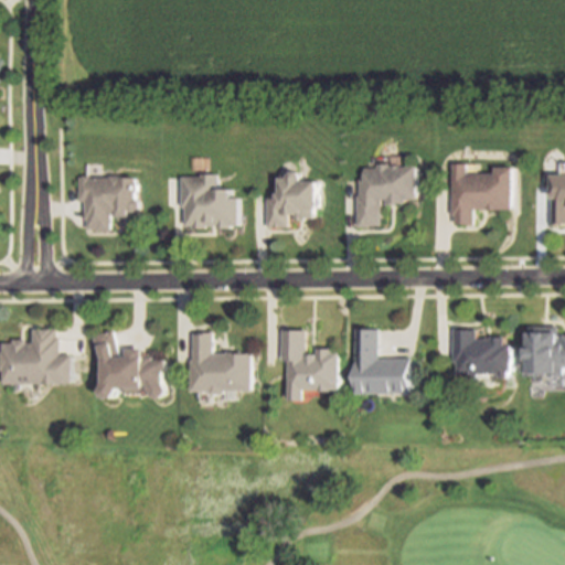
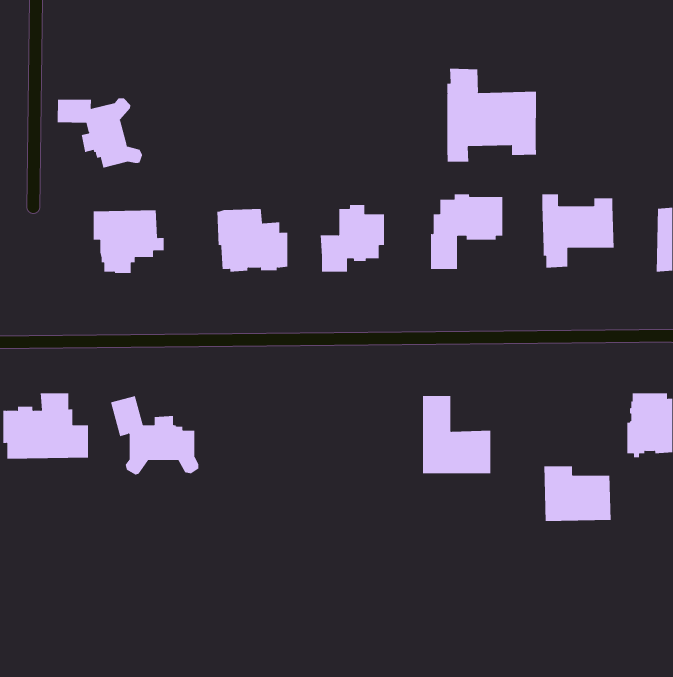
building: none -> [447,68,536,163]
building: none -> [57,98,143,168]
building: [278,331,337,401] -> none
building: [449,332,505,379] -> [544,466,611,522]
building: [185,334,246,396] -> none

